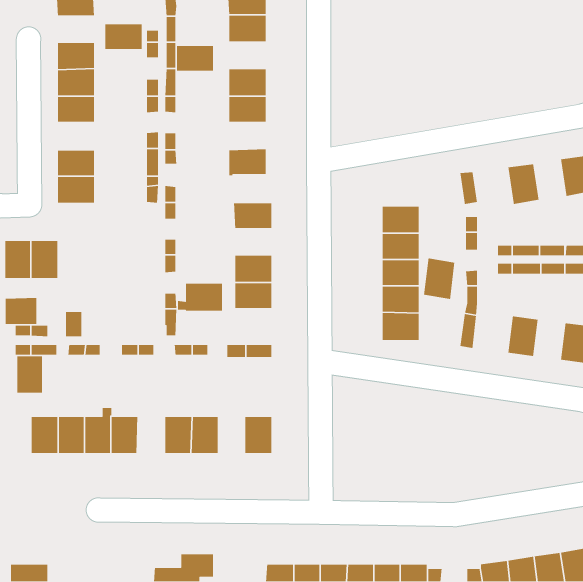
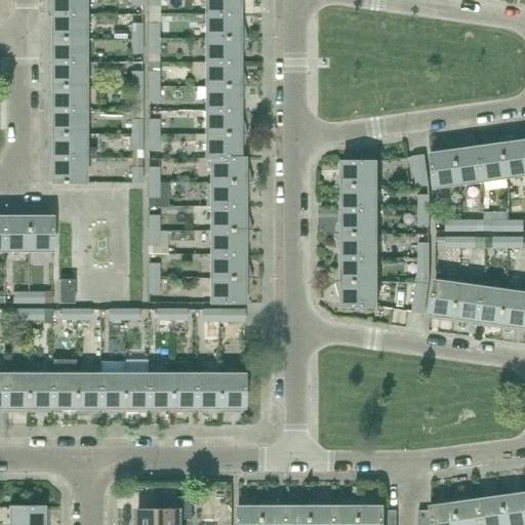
building: [105,23,142,50] -> [52,14,86,38]
building: [176,45,214,71] -> [206,38,240,62]
building: none -> [52,110,86,134]
building: none -> [206,110,240,134]
building: none -> [480,143,509,179]
building: none -> [432,150,461,187]
building: none -> [210,157,245,181]
building: none -> [344,160,377,185]
building: none -> [211,205,245,229]
building: [423,258,455,300] -> [432,279,460,317]
building: [177,283,223,312] -> [204,277,245,302]
building: [5,297,37,325] -> none
building: none -> [480,286,508,323]
building: [17,356,43,393] -> [5,373,29,407]
building: none -> [124,373,149,407]
building: none -> [197,373,220,407]

